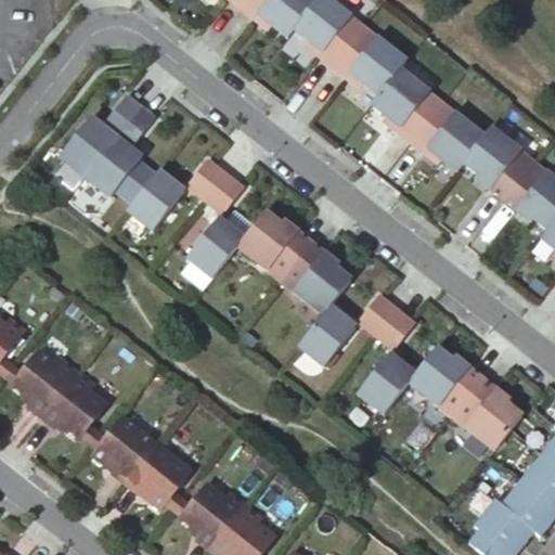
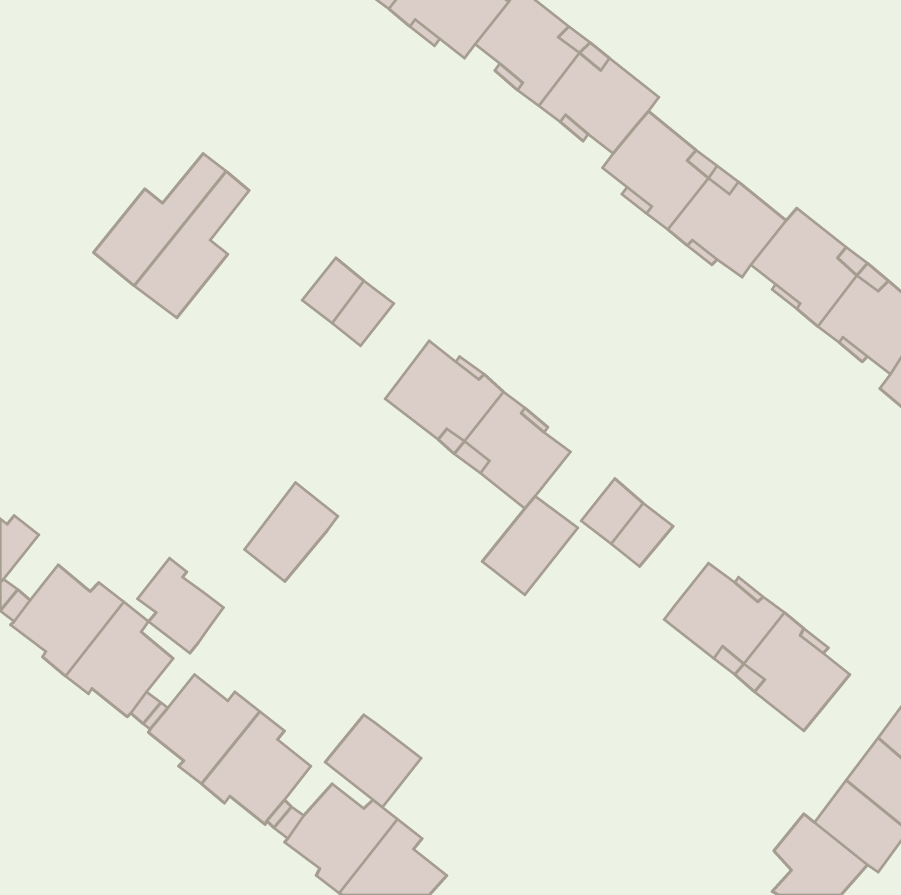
building: [126,169,183,229] -> none
building: [186,216,244,276] -> [244,483,338,581]
building: none -> [137,558,224,653]
building: [359,352,415,412] -> none
building: none -> [325,715,421,807]

